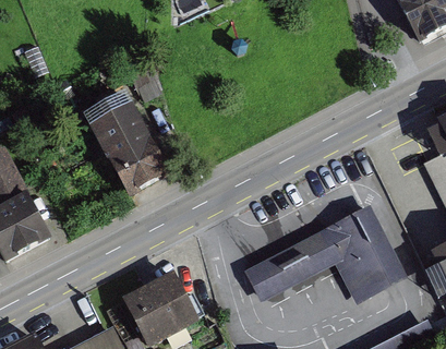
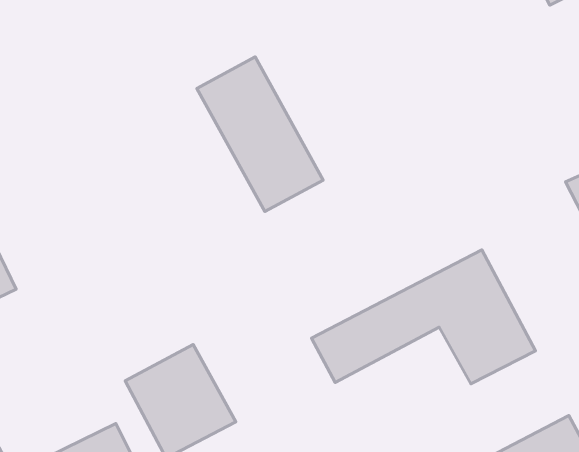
building: [82,86,169,193] -> [197,57,323,212]

